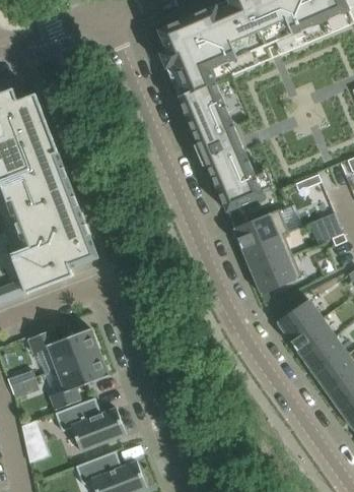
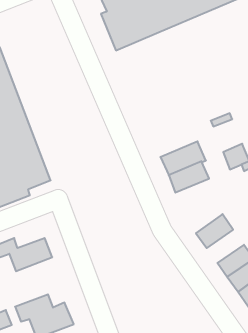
building: [179,75,264,211] -> none
building: [252,255,302,295] -> none
building: [290,318,336,359] -> none
building: [50,352,110,410] -> none

